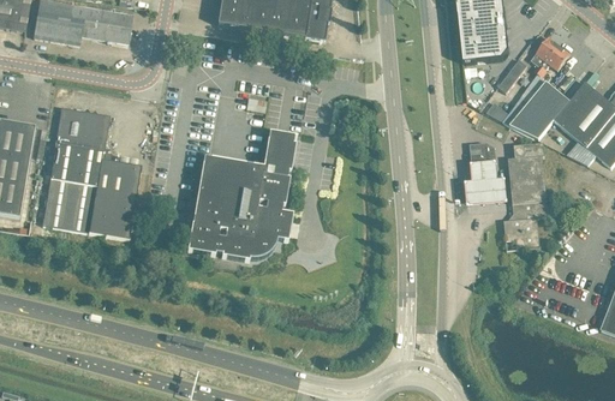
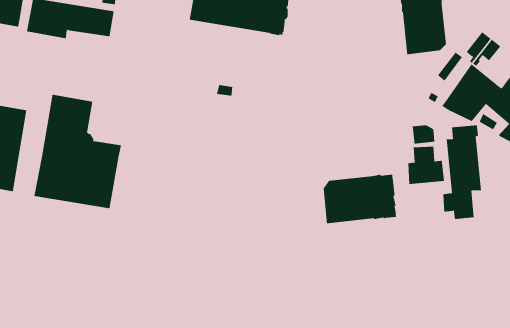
building: [187,130,297,259] -> none
building: none -> [323,174,396,224]

